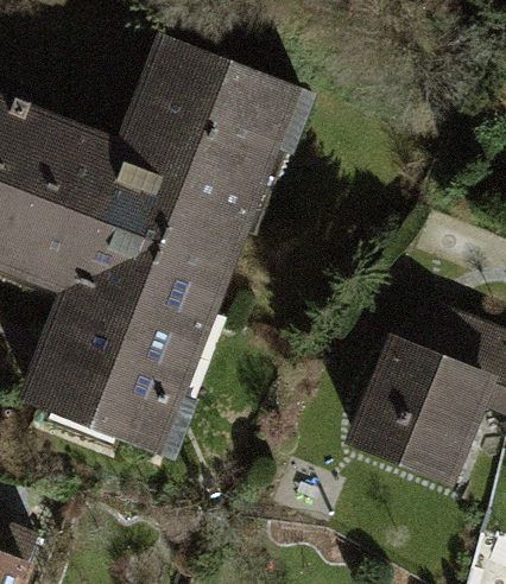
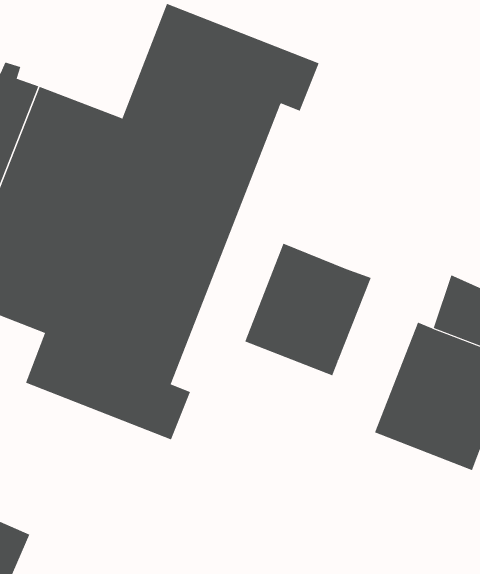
building: none -> [244,243,371,376]

